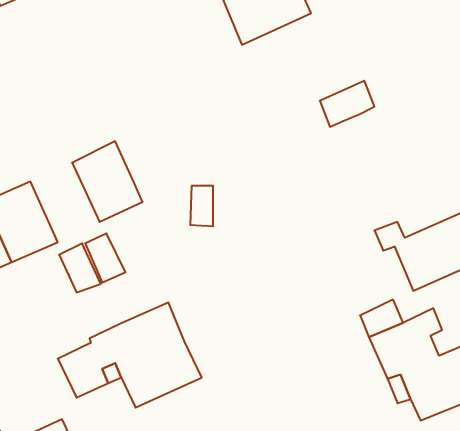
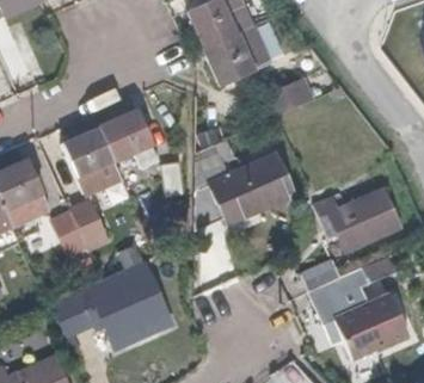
building: none -> [204,20,281,91]
building: none -> [99,111,159,167]
building: none -> [196,140,293,230]

